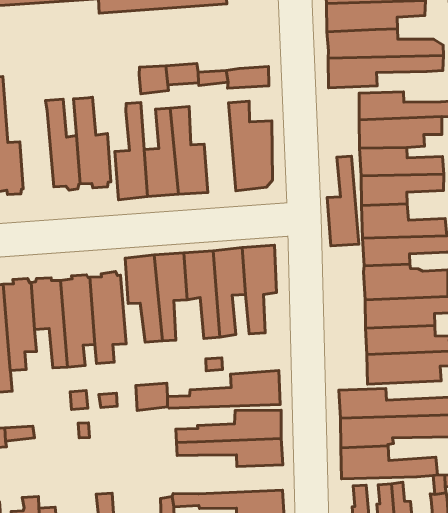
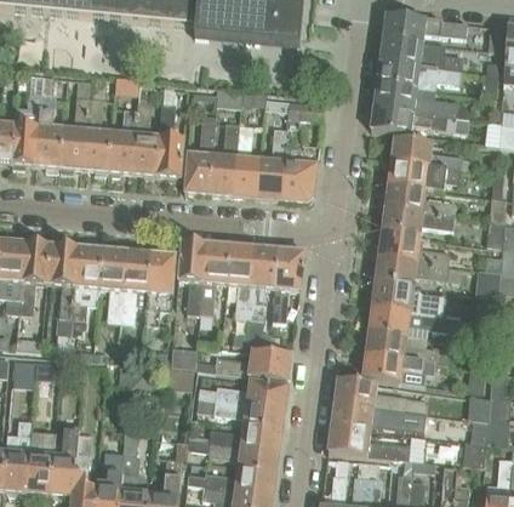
building: none -> [108,108,138,175]
building: [327,156,359,246] -> [258,126,287,200]
building: none -> [210,426,282,451]

